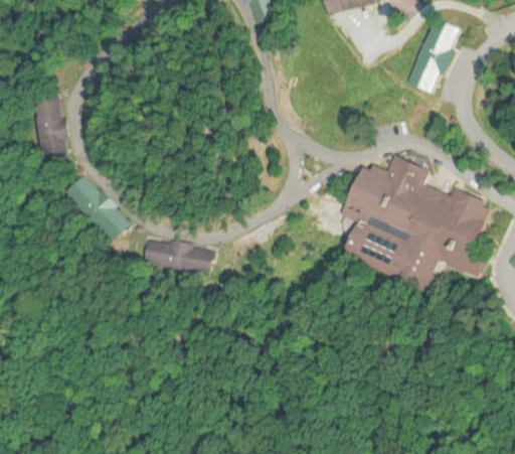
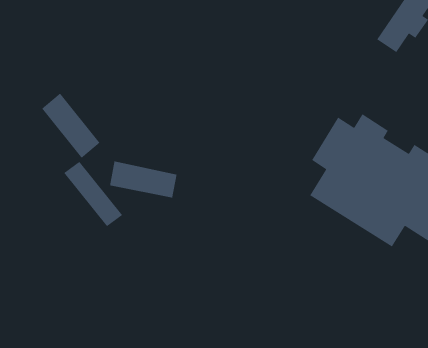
building: [32,95,59,149] -> none
building: none -> [63,161,123,227]

